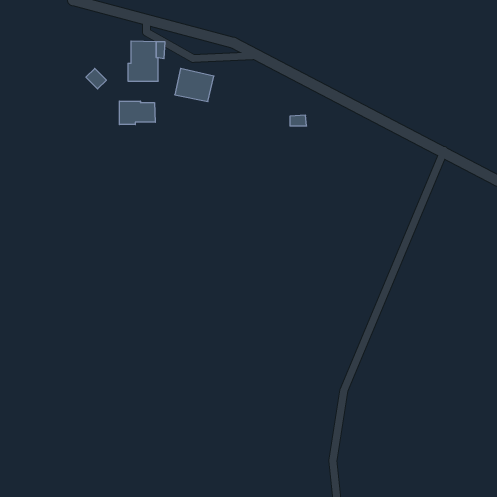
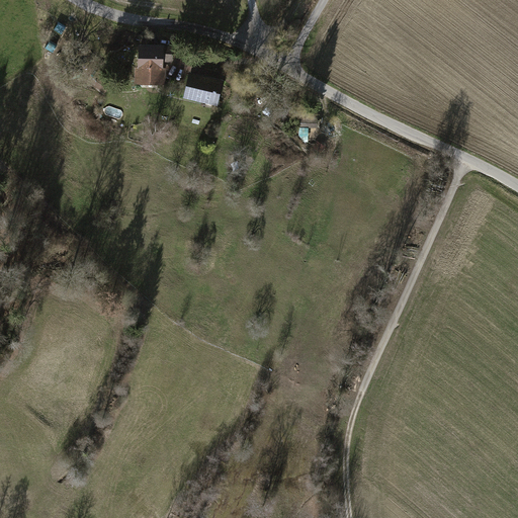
building: [119,101,155,125] -> none

